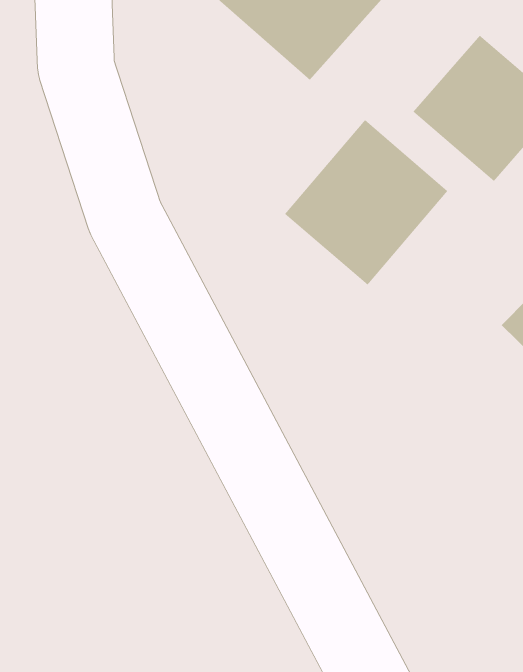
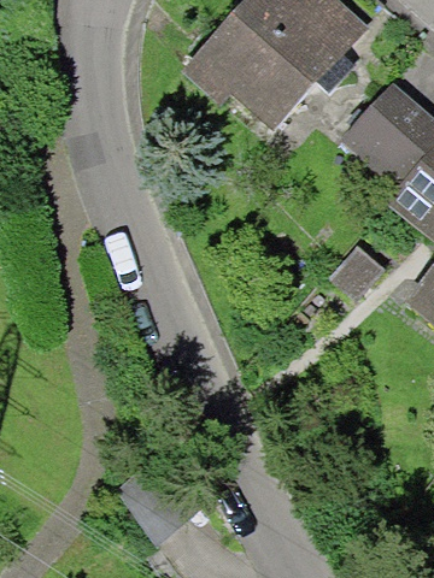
building: [284,119,448,286] -> none

